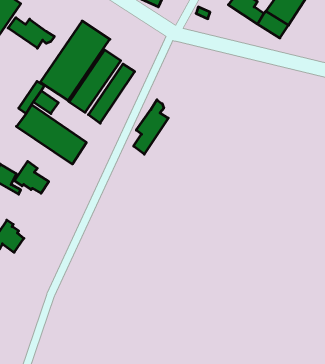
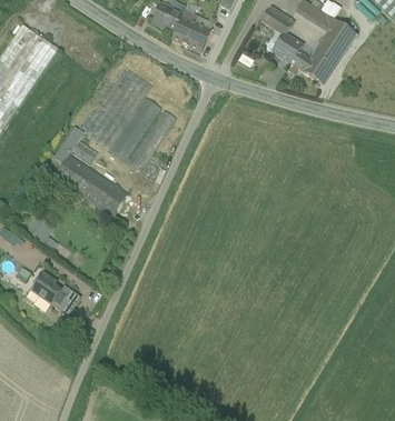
building: [8,18,54,48] -> none
building: [134,100,168,154] -> none
building: [15,161,49,193] -> none

